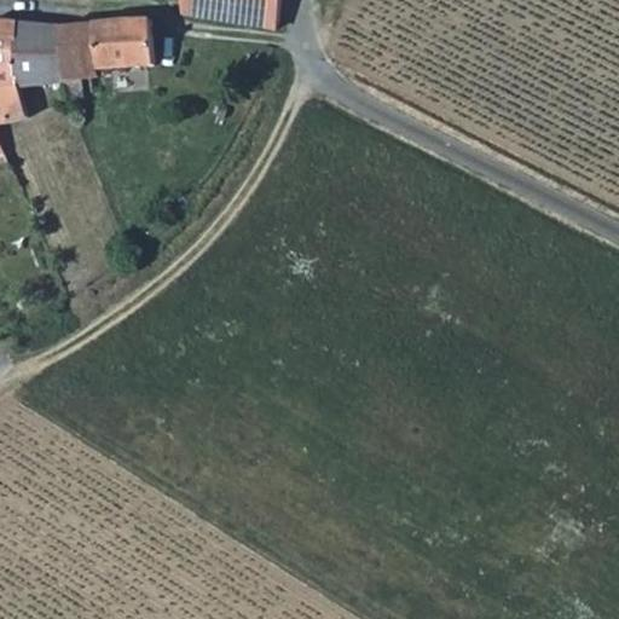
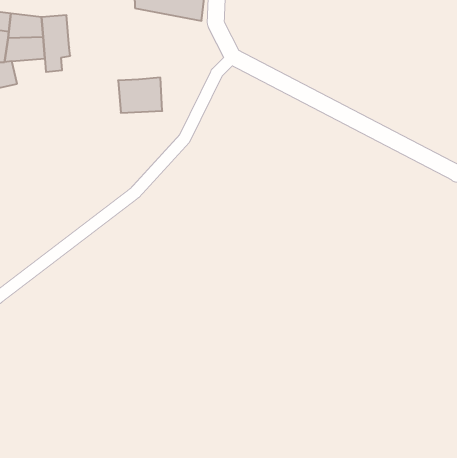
building: [89,17,149,64] -> [118,78,162,113]

